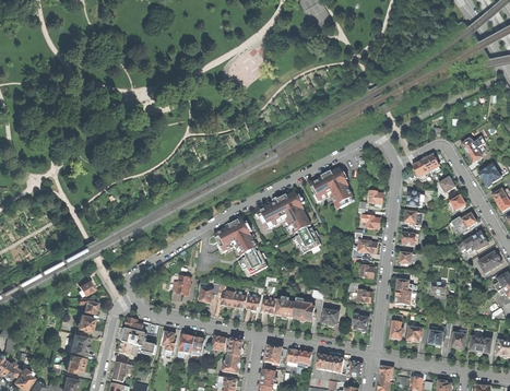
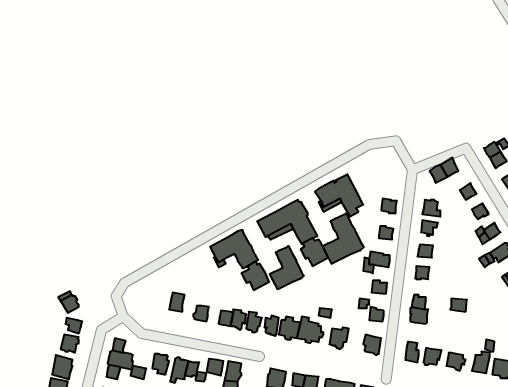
building: none -> [323,213,364,264]
building: none -> [270,246,304,289]

